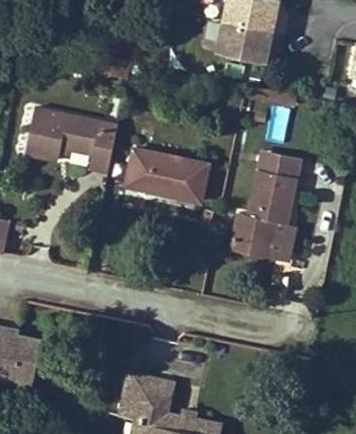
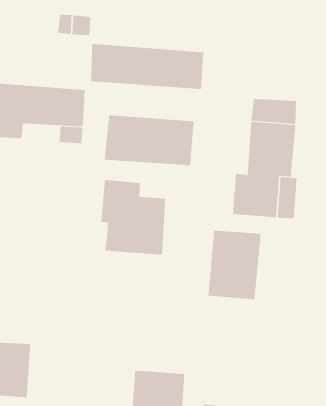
building: none -> [91,43,204,90]
building: none -> [101,179,166,255]
building: none -> [208,230,261,300]

